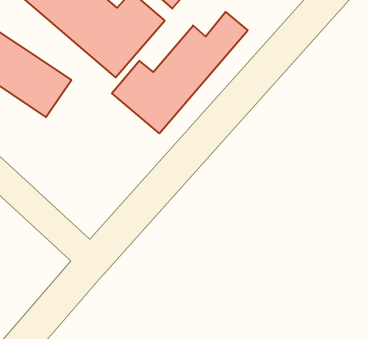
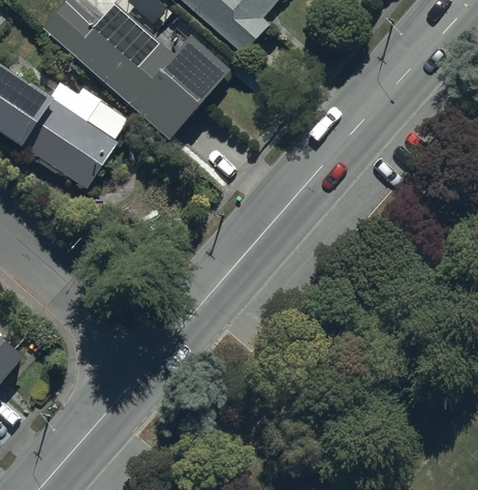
building: [112,12,248,133] -> none

